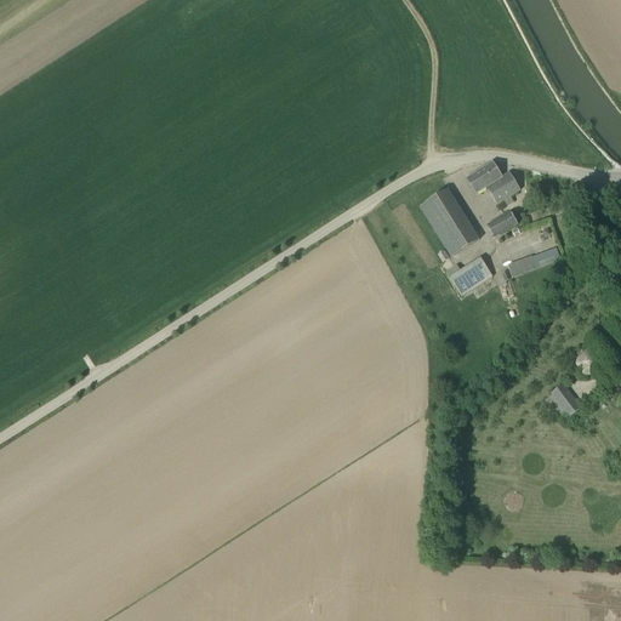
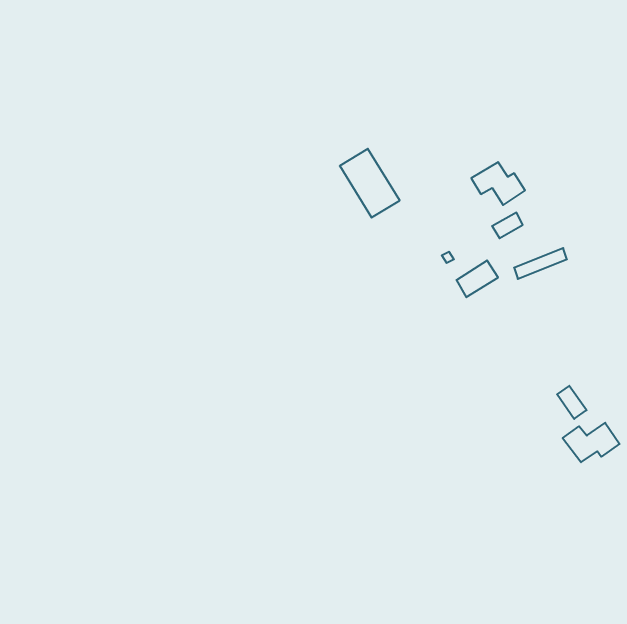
building: [420,187,479,255] -> [340,149,400,218]
building: none -> [563,423,620,462]

